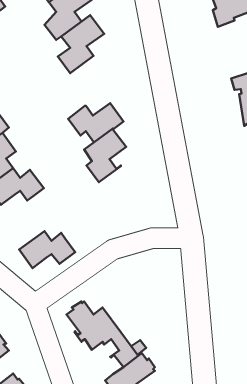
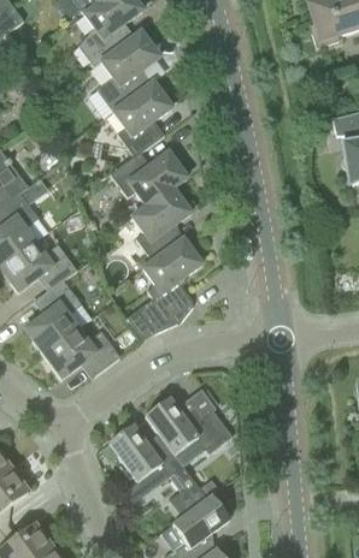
building: none -> [113,83,172,156]
building: none -> [126,239,201,339]
building: none -> [24,280,82,354]
building: none -> [146,388,233,467]

